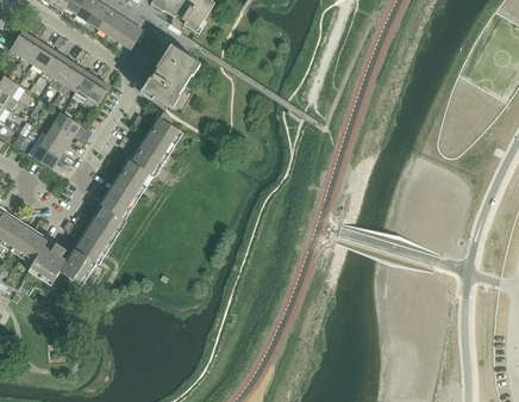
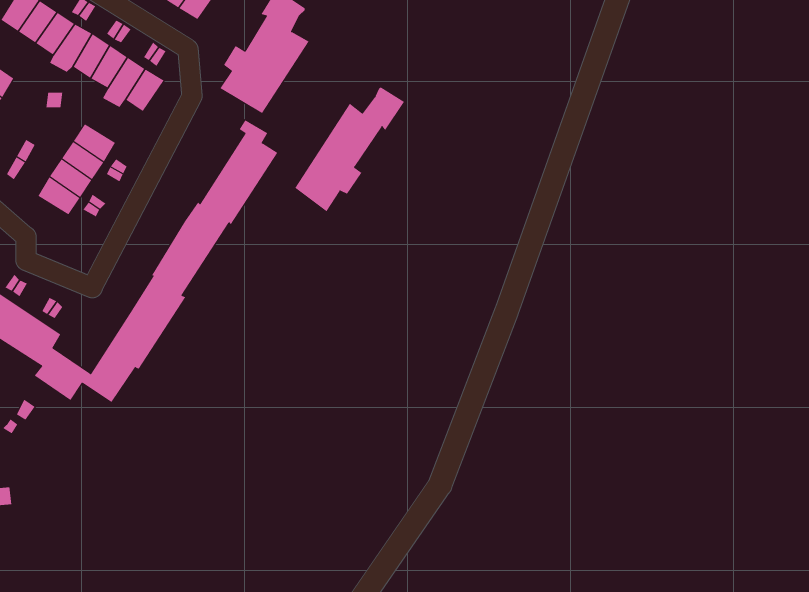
building: none -> [294,87,405,212]

